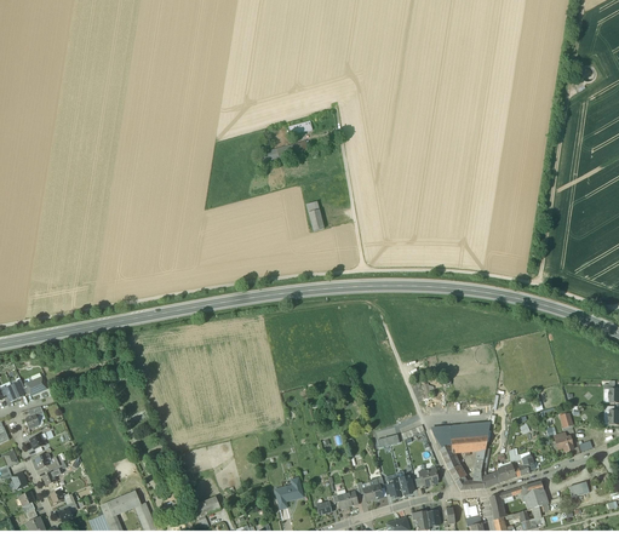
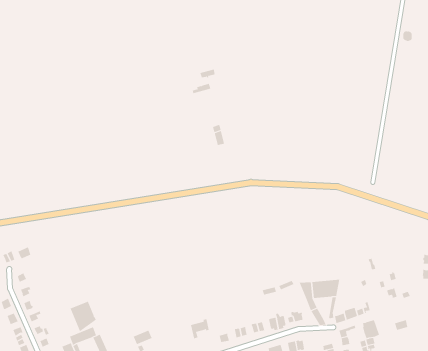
building: none -> [70,301,97,332]

